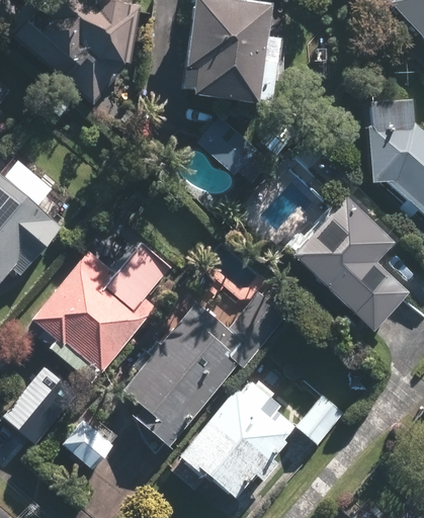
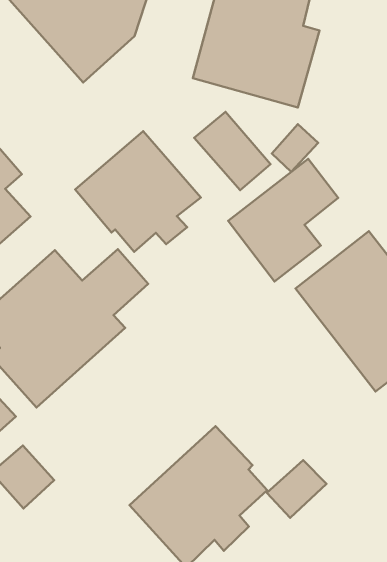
building: none -> [75,131,201,252]
building: none -> [228,159,338,281]
building: [122,293,285,447] -> none

